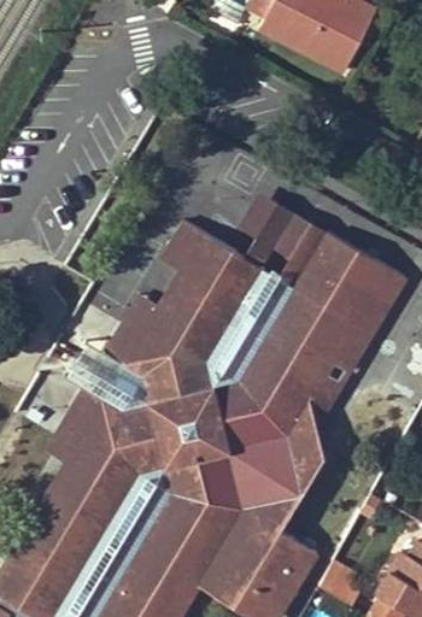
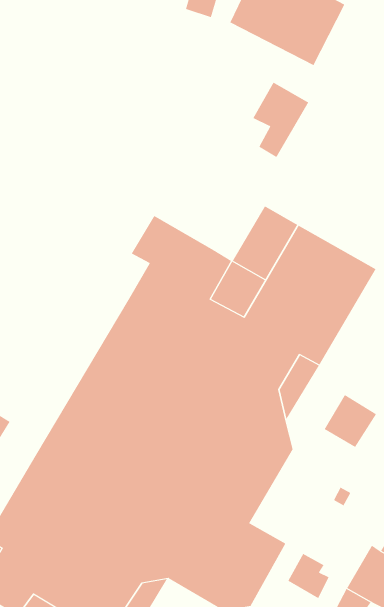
building: [238,193,294,269] -> [253,82,309,158]
building: [46,295,158,464] -> none
building: none -> [324,394,377,448]

